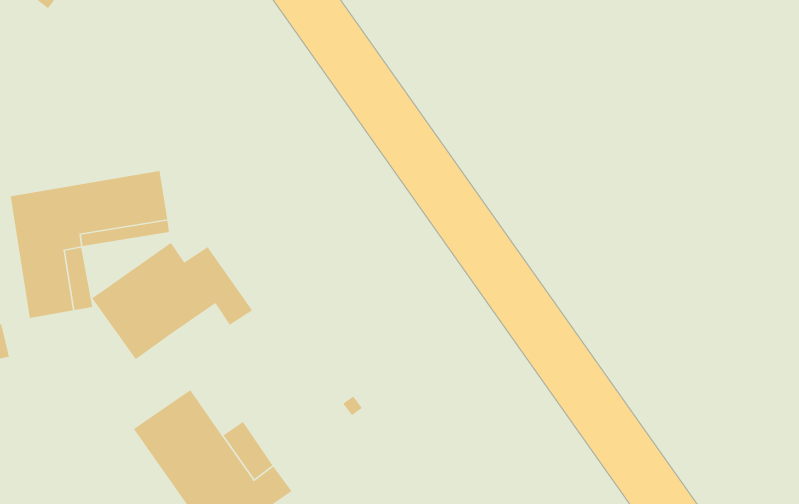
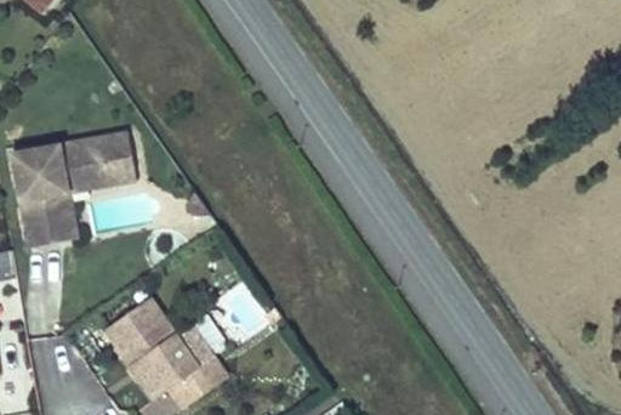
building: [91,242,253,360] -> none

